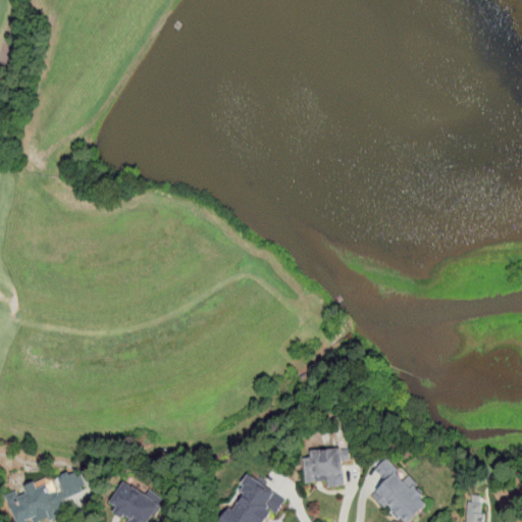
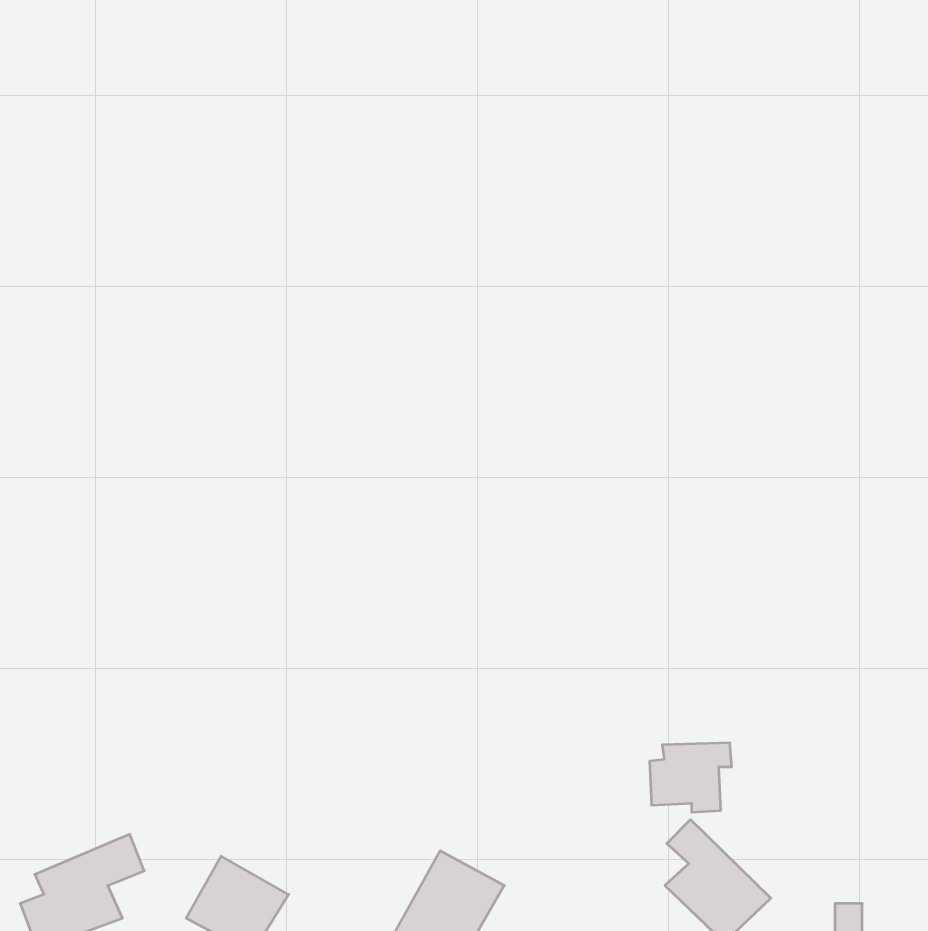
building: [302,449,348,487] -> [650,743,732,812]

